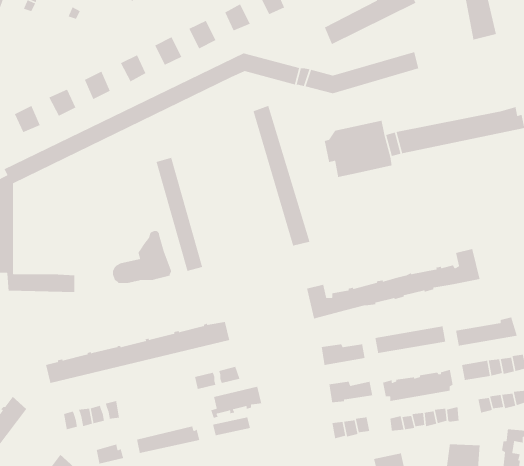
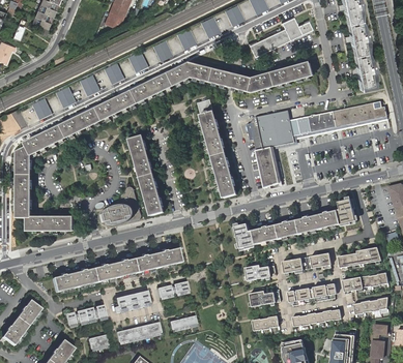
building: none -> [350,51,373,87]
building: none -> [255,147,279,188]
building: [210,386,262,419] -> [113,291,149,313]

